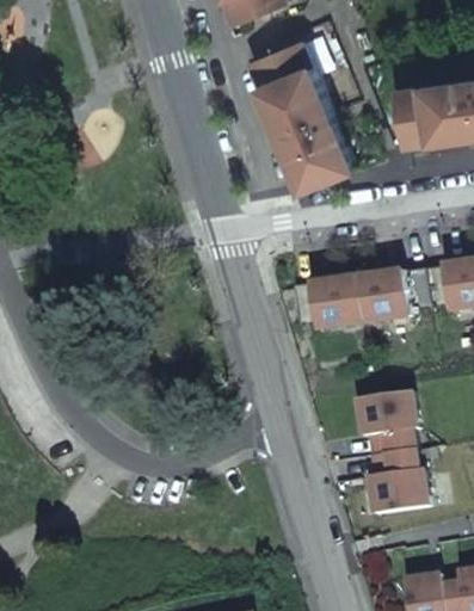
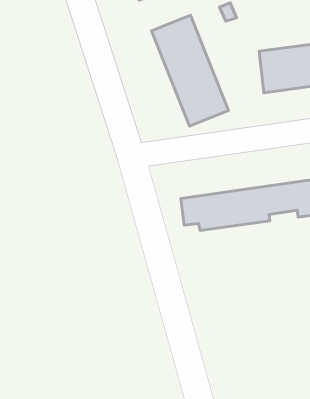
building: [357,391,427,514] -> none

